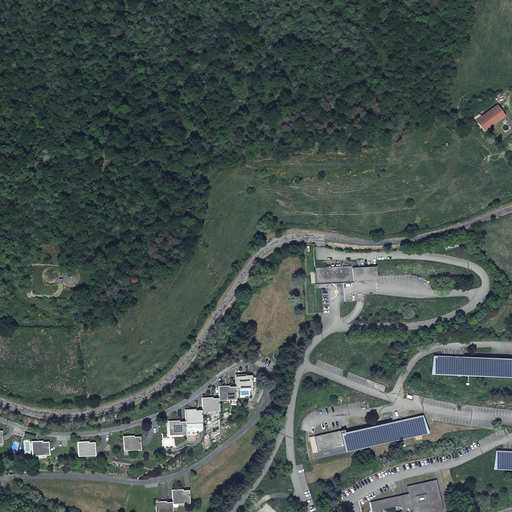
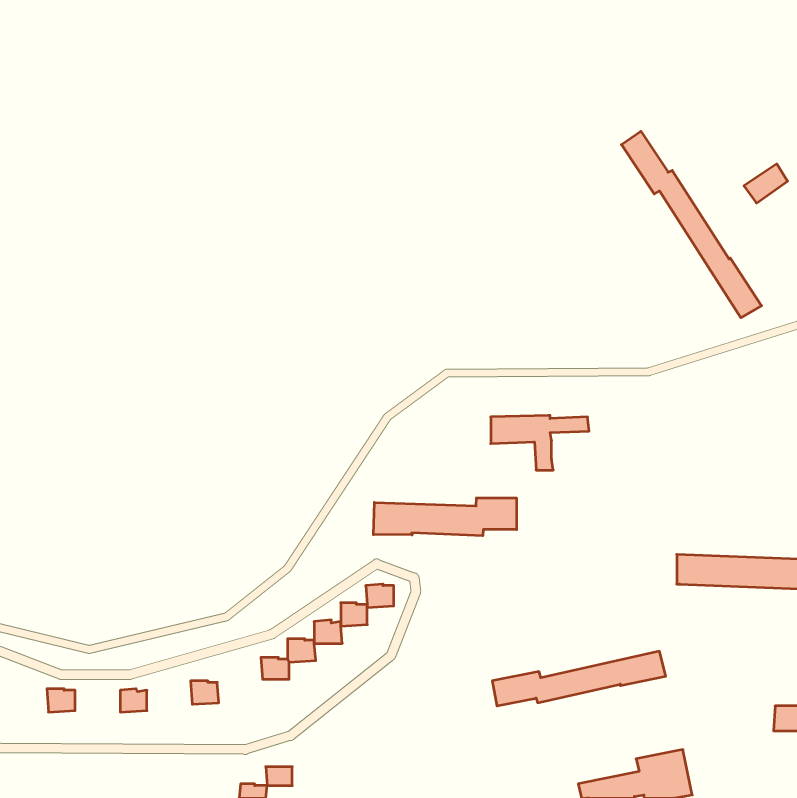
building: none -> [621,131,762,318]
building: none -> [373,498,517,536]

